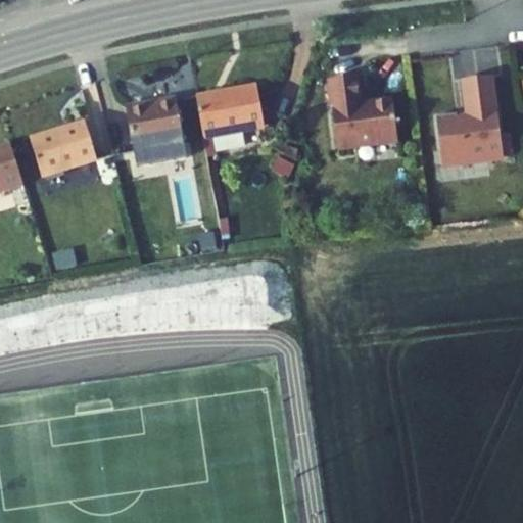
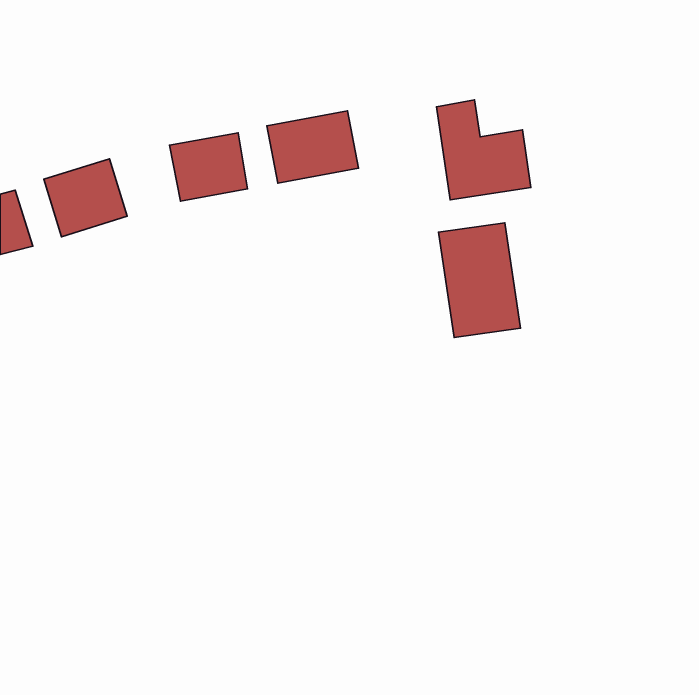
building: [435,78,503,167] -> none
building: none -> [439,223,520,338]

